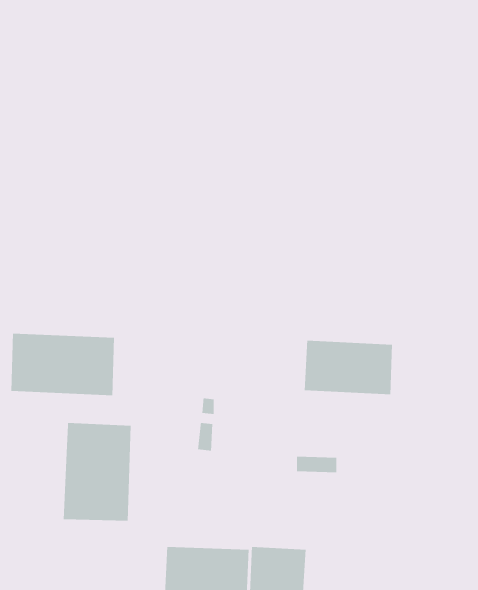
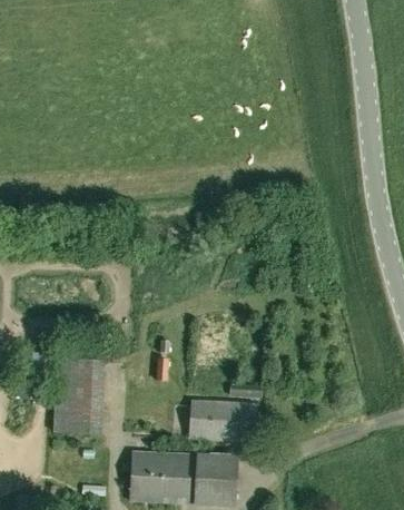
building: [10,333,115,396] -> none
building: [304,340,393,395] -> [188,399,256,441]

